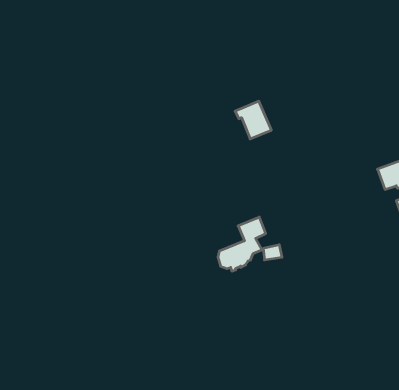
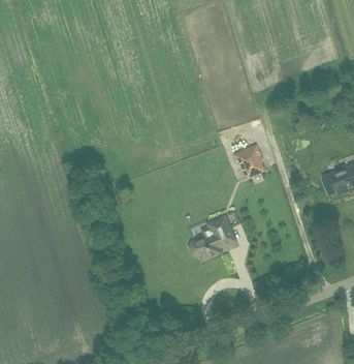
building: [235,101,271,139] -> [235,145,265,176]

